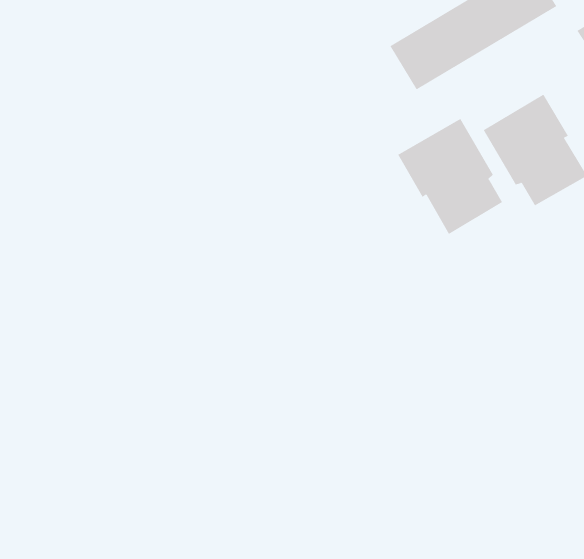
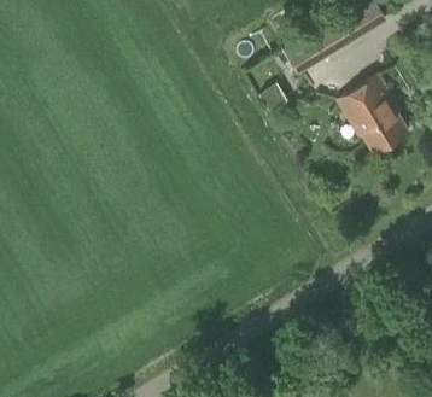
building: [397,118,503,235] -> none

